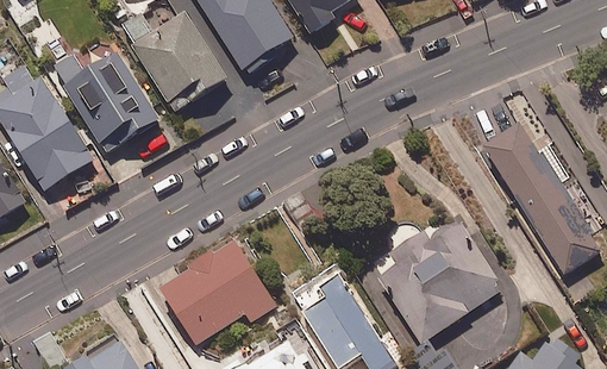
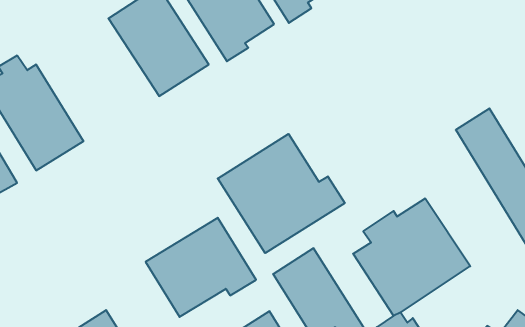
building: [51,51,157,152] -> none
building: none -> [218,134,345,253]

